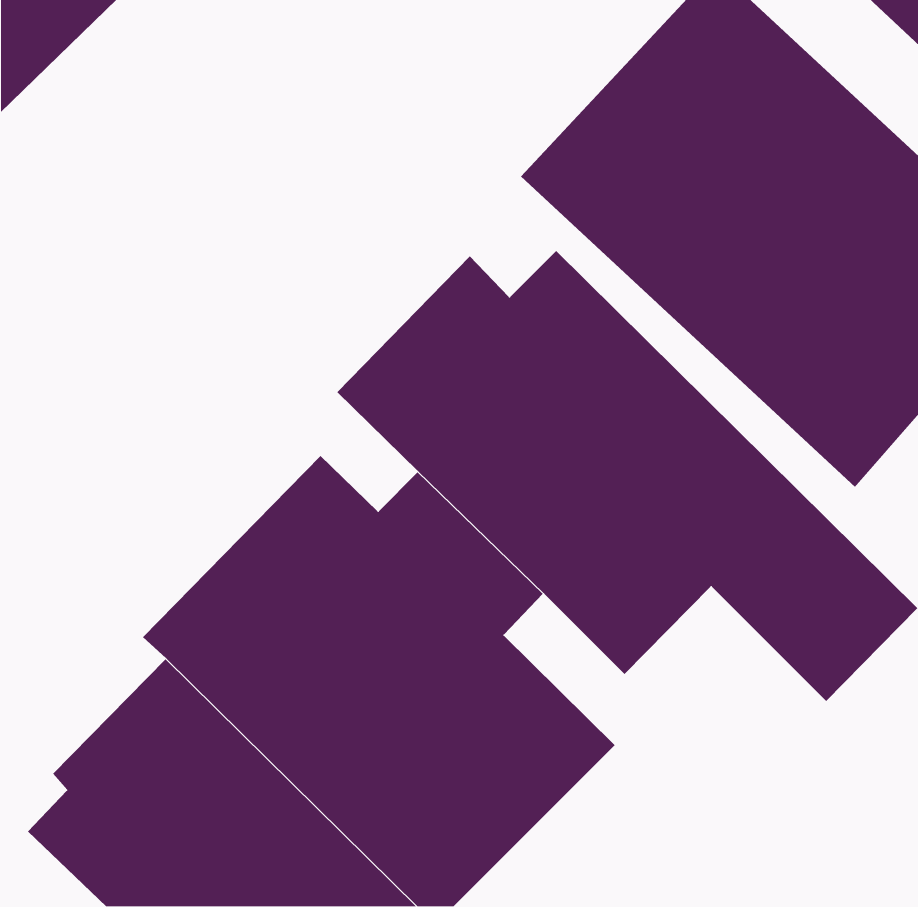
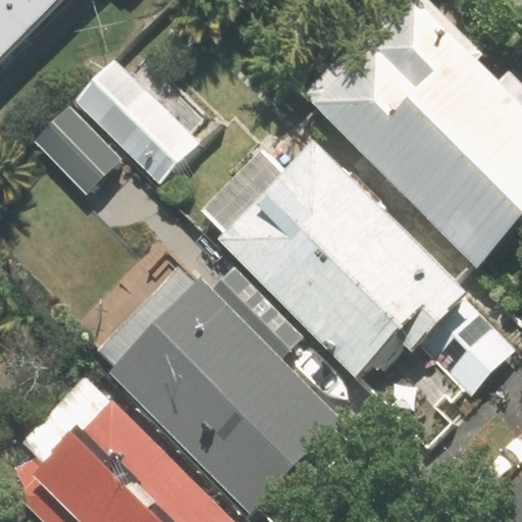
building: none -> [38,61,203,191]

